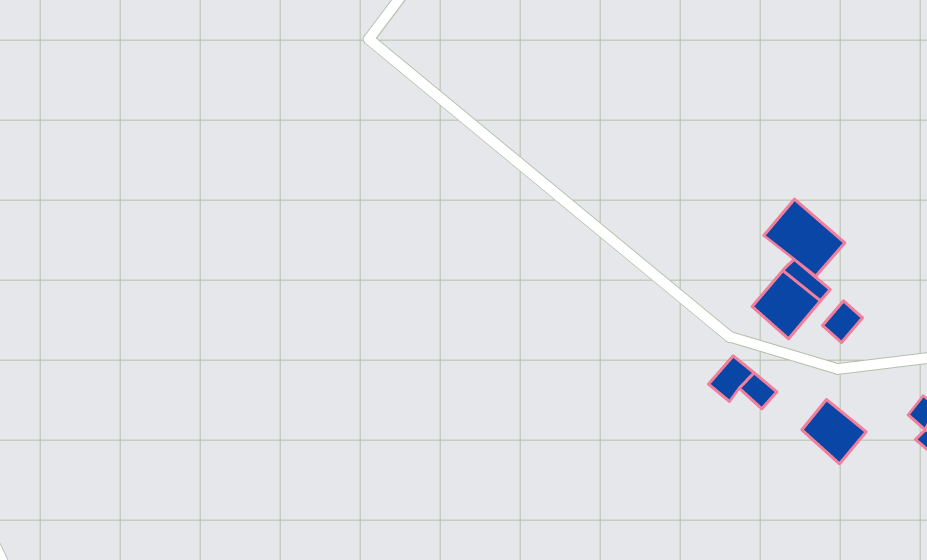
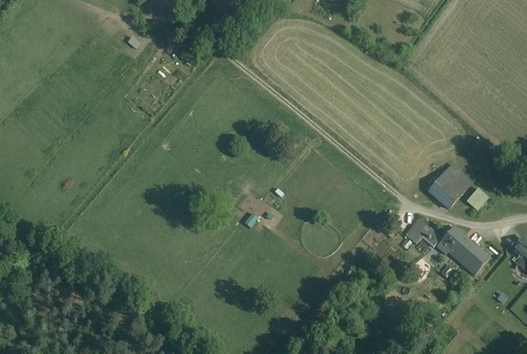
building: [764,199,845,276] -> none
building: none -> [436,227,467,256]

